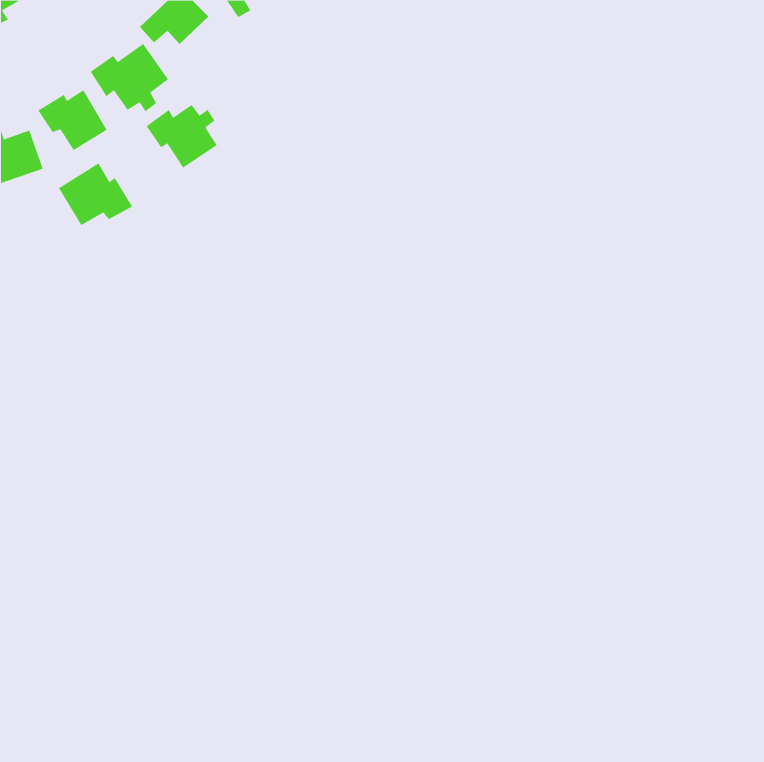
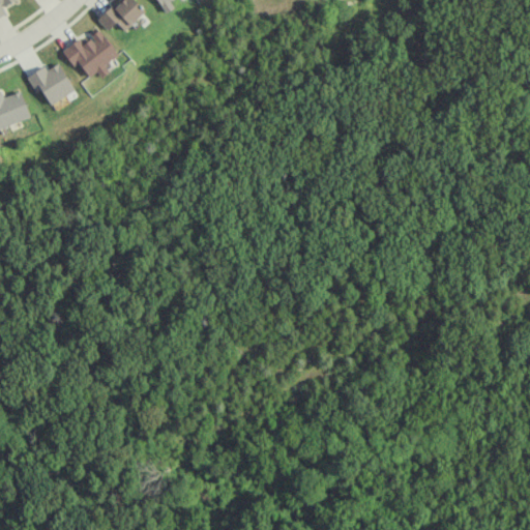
building: [146,104,217,168] -> none
building: [58,163,133,226] -> none

